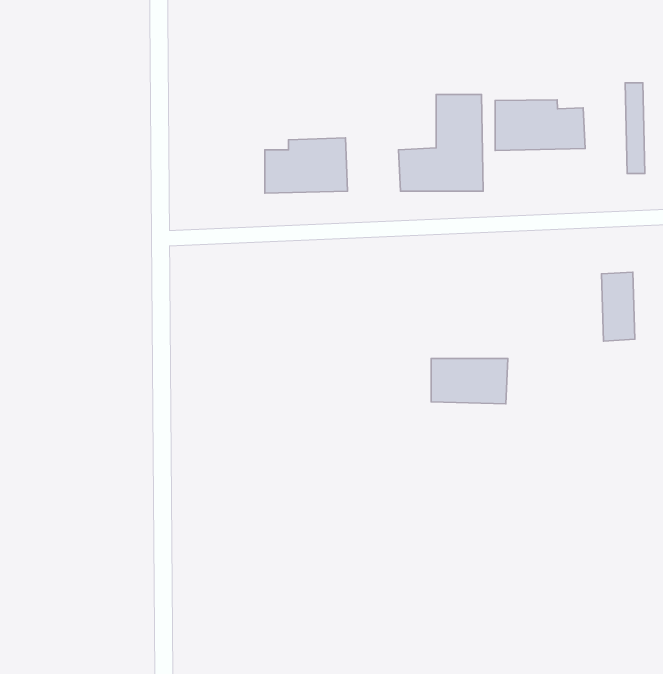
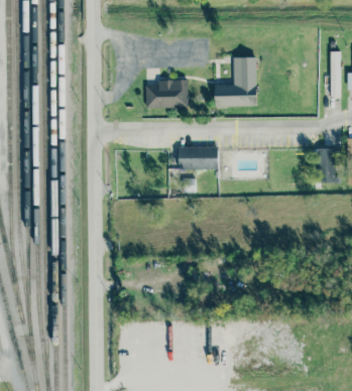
building: [495,100,585,150] -> none
building: [431,359,508,404] -> [179,147,218,170]

